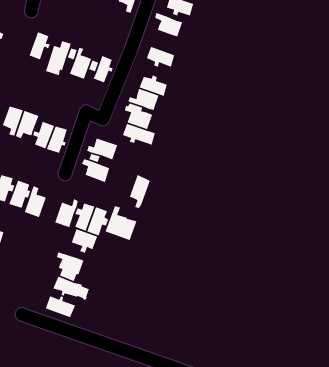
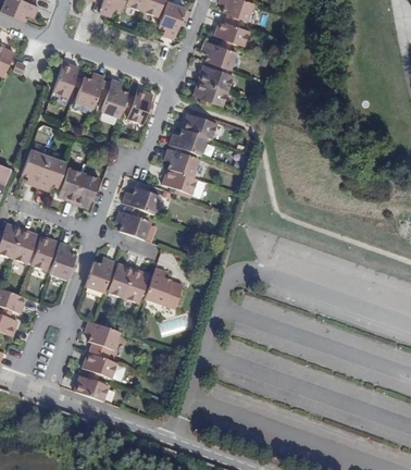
building: none -> [197,62,232,88]
building: [129,174,151,209] -> none
building: [71,228,98,254] -> none

